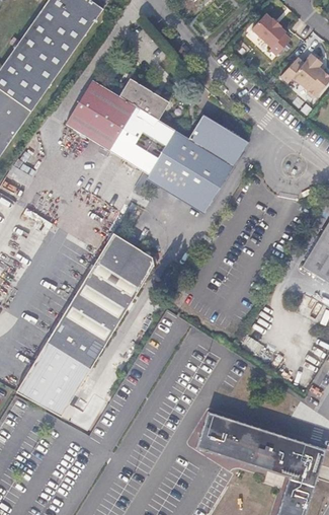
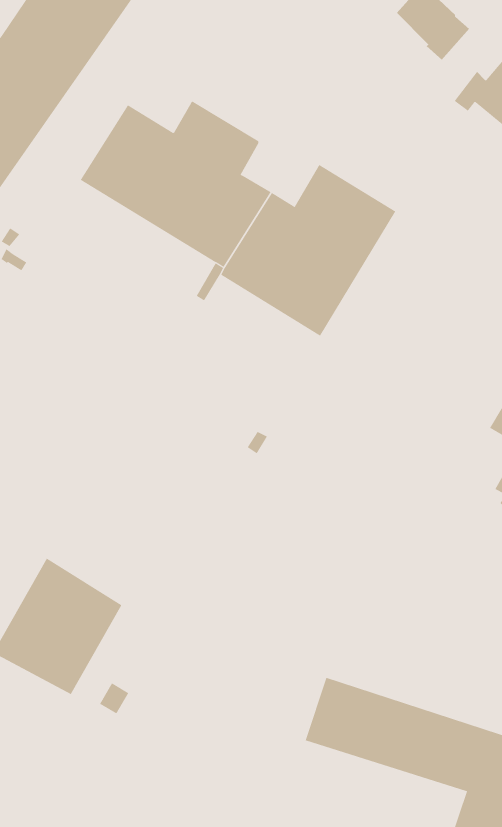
building: [47,232,155,368] -> none

